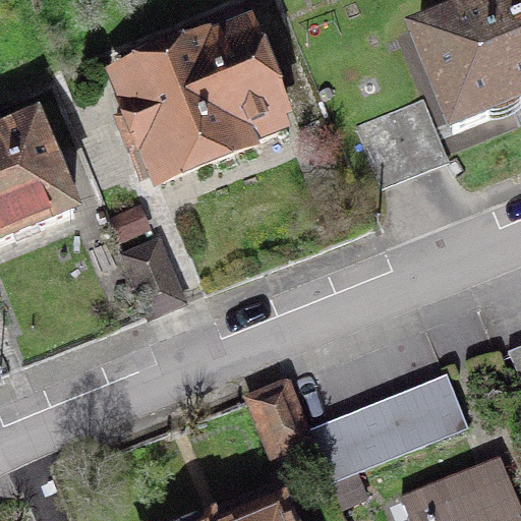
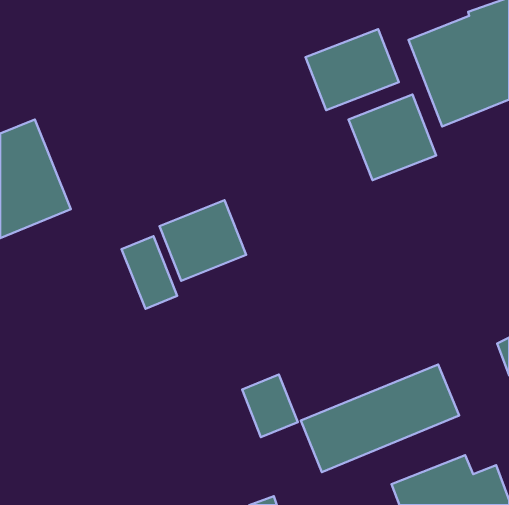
building: none -> [305,29,399,110]
building: [116,34,288,181] -> none
building: none -> [159,200,246,281]

